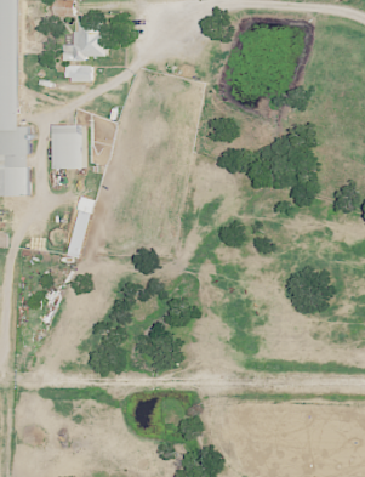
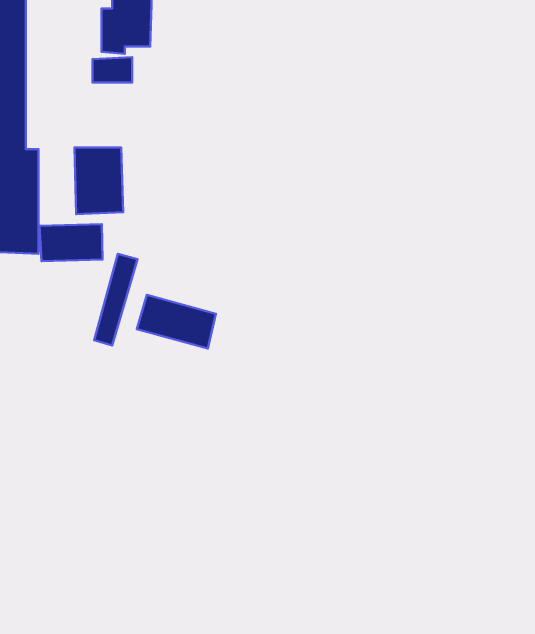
building: none -> [39,224,102,261]
building: none -> [137,295,216,348]

